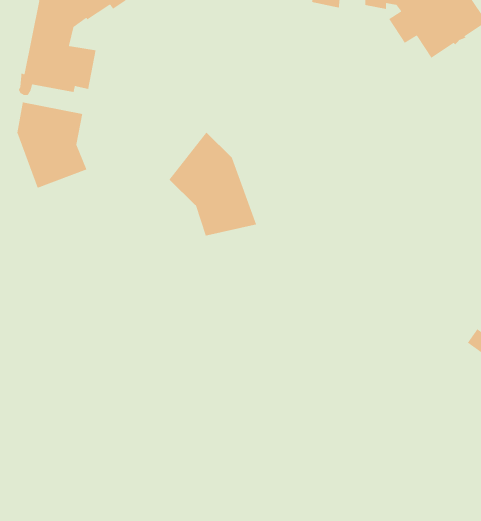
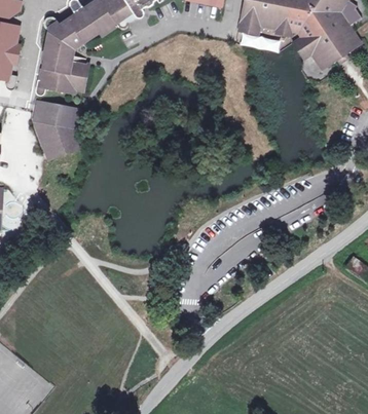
building: [168,131,257,236] -> none

